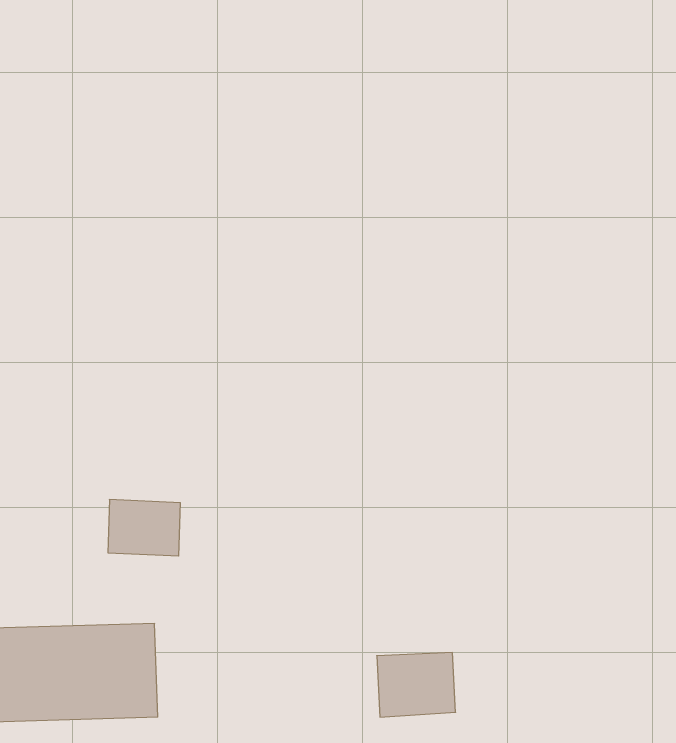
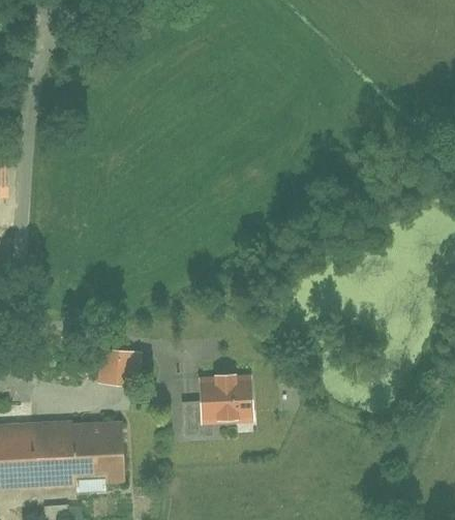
building: [377,653,456,717] -> [192,385,243,426]

